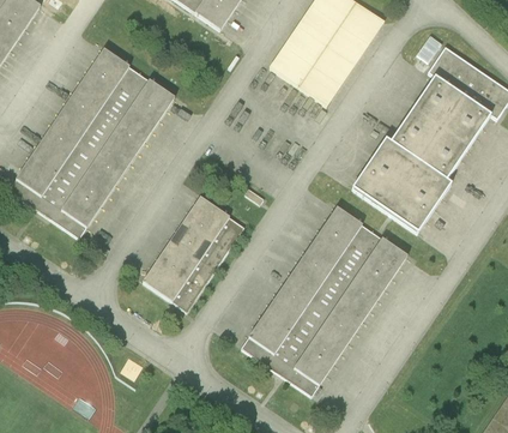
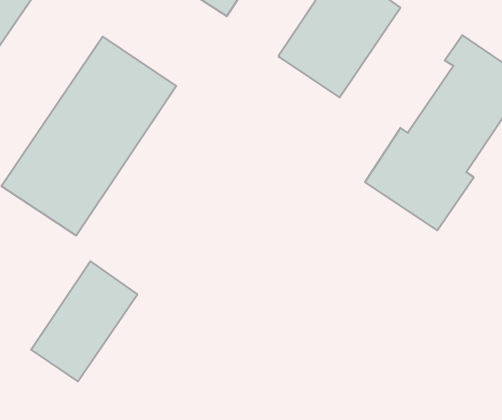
building: [141,197,242,311] -> [31,261,137,381]
building: [241,208,407,397] -> none

